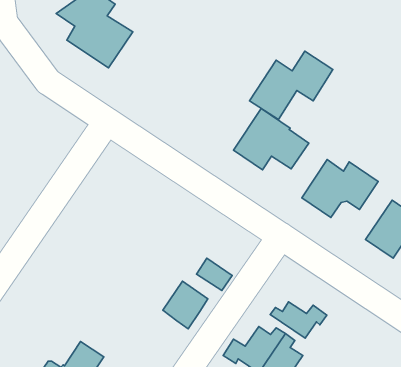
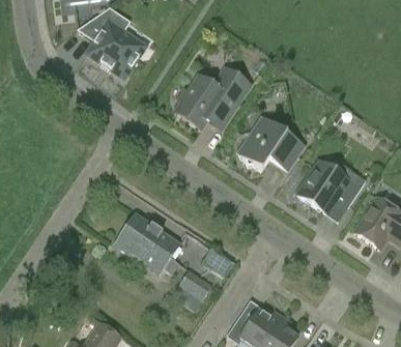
building: [249,51,333,119] -> [174,66,249,127]
building: none -> [115,213,179,273]
building: [270,302,327,338] -> none

